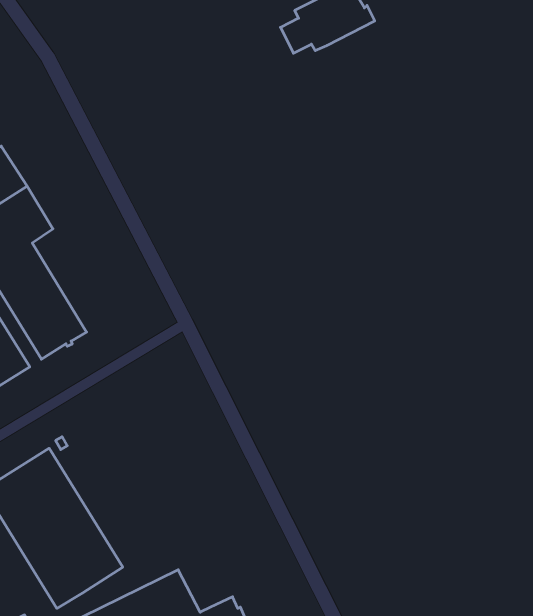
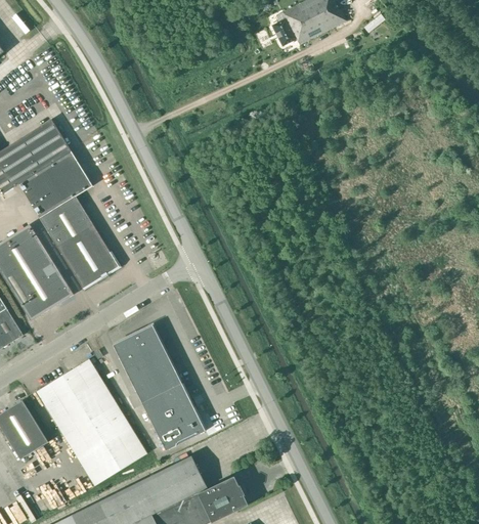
building: none -> [115,328,205,449]

